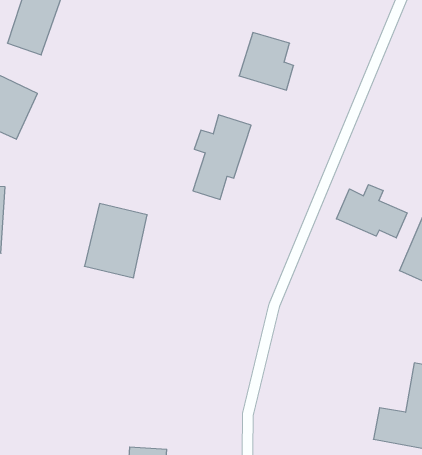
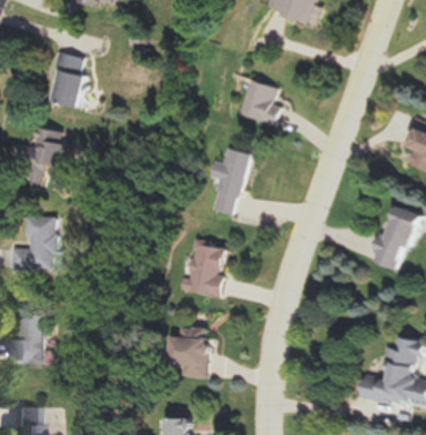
building: [336,185,407,238] -> none
building: [84,204,147,278] -> [179,240,226,297]
building: none -> [171,327,210,377]

